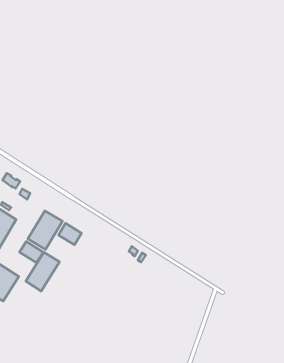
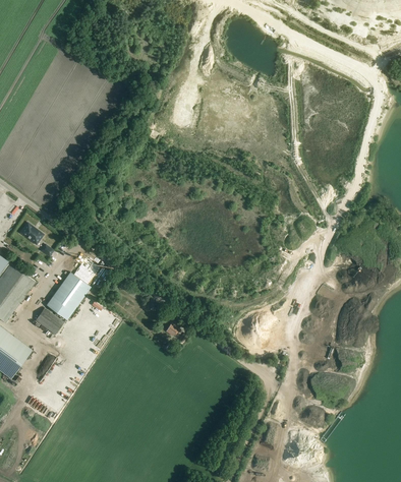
building: [58,223,82,245] -> none
building: [26,252,59,291] -> none

